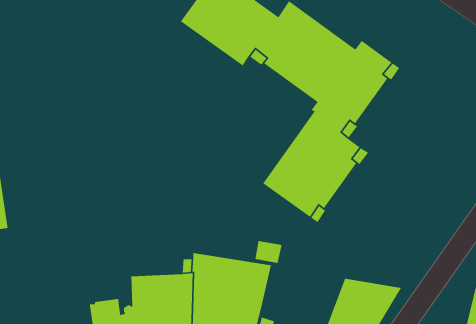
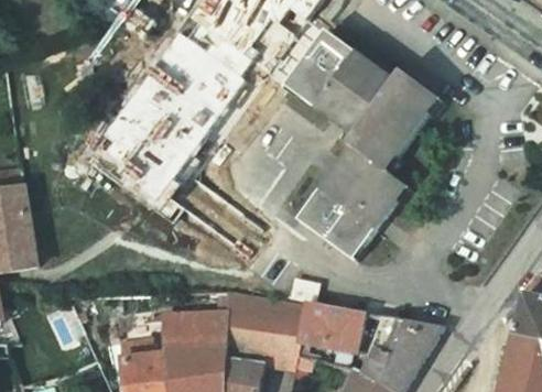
building: none -> [299,304,365,348]

